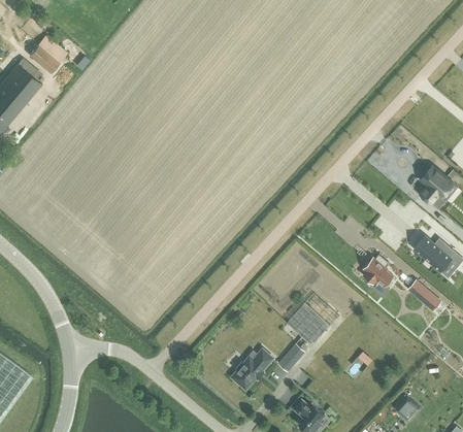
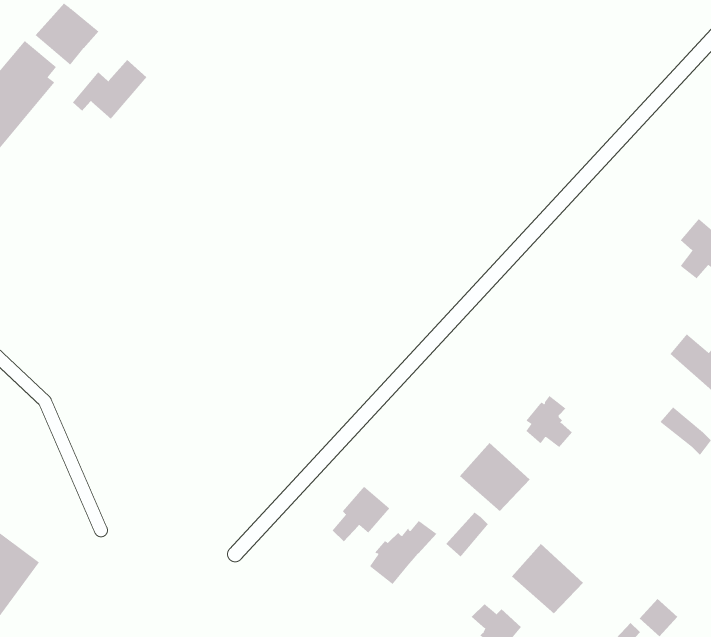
building: none -> [72,59,147,120]
building: [364,254,393,286] -> [525,395,573,448]
building: none -> [332,486,390,542]
building: none -> [511,543,584,614]

